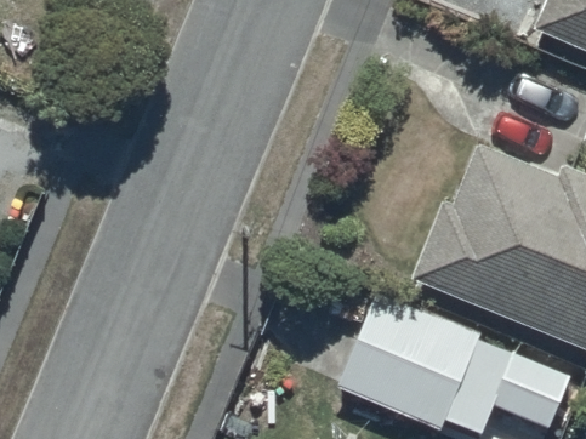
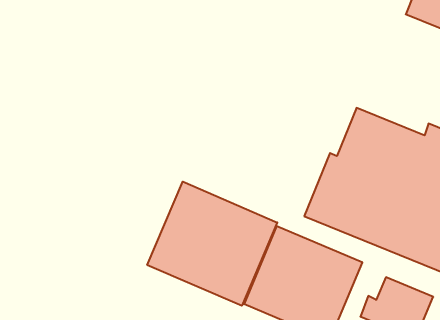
building: none -> [147,182,277,306]

